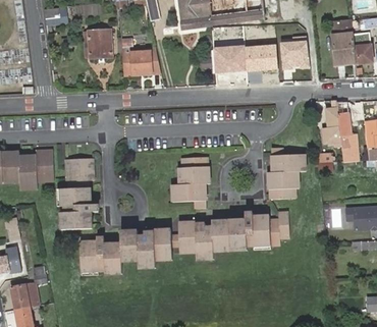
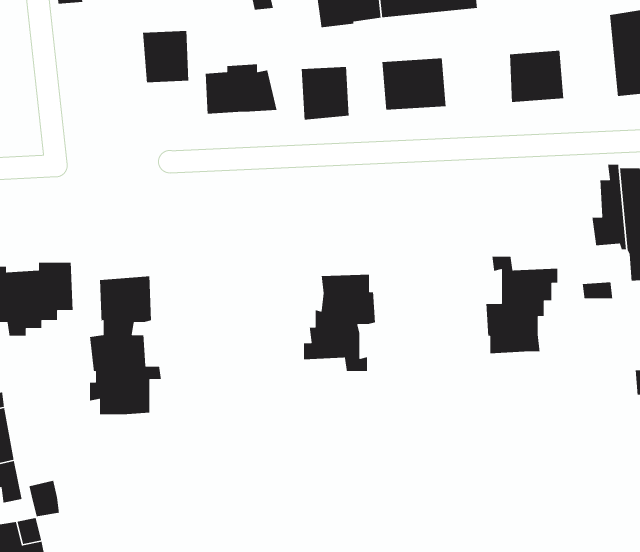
building: [246,45,278,71] -> none
building: none -> [301,66,350,120]
building: [177,212,288,260] -> none
building: [79,229,173,275] -> none

